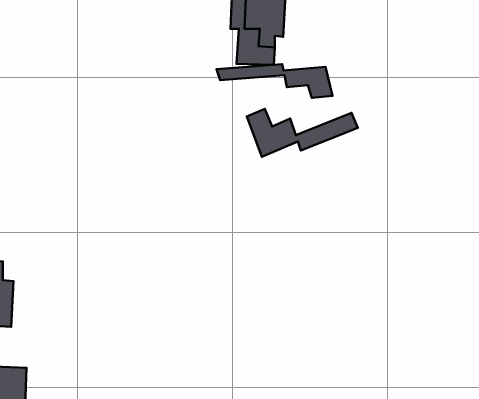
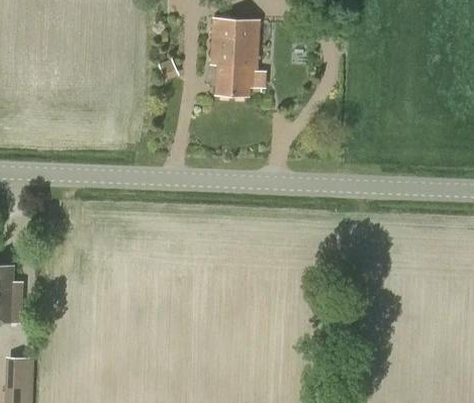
building: [217,64,333,98] -> none
building: [247,109,358,157] -> none

